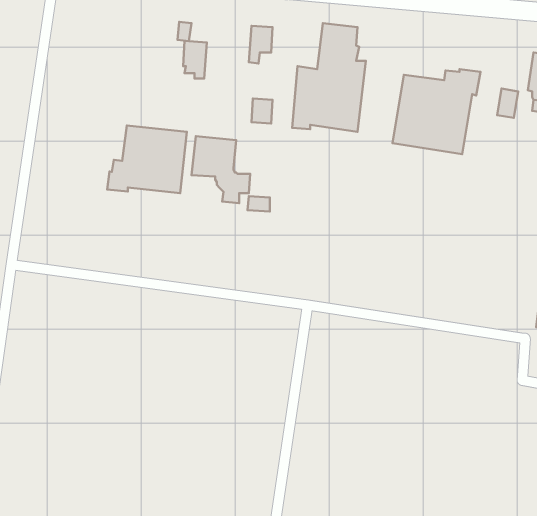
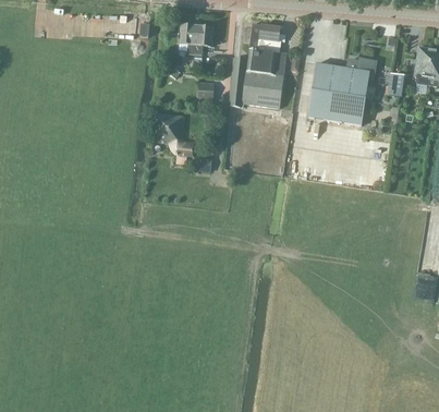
building: [183,41,207,79] -> [180,24,198,53]
building: [107,126,187,193] -> none

